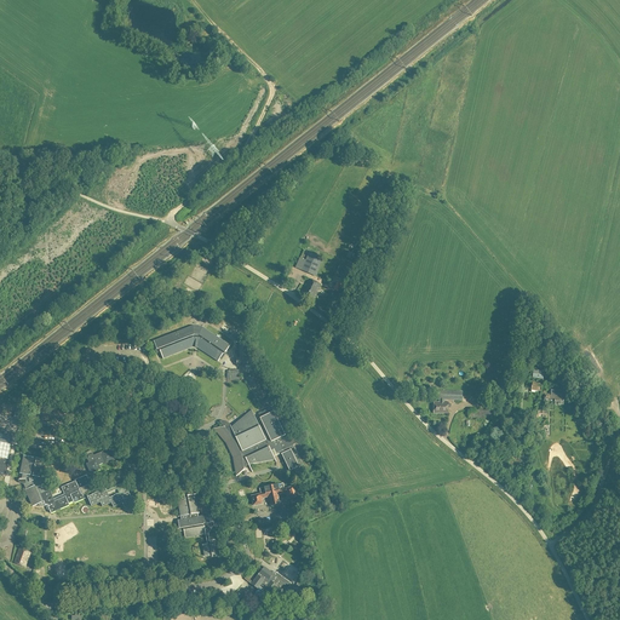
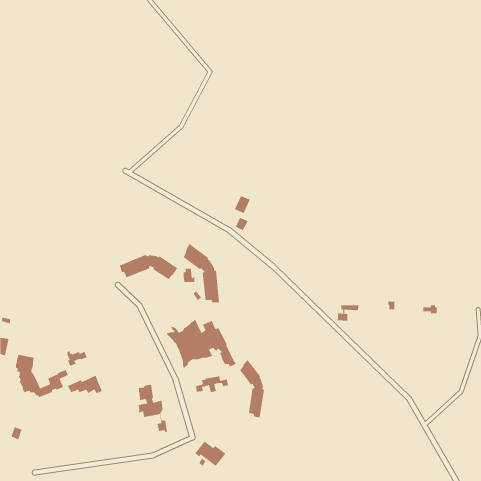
building: none -> [183,243,220,303]
building: none -> [239,359,265,419]

